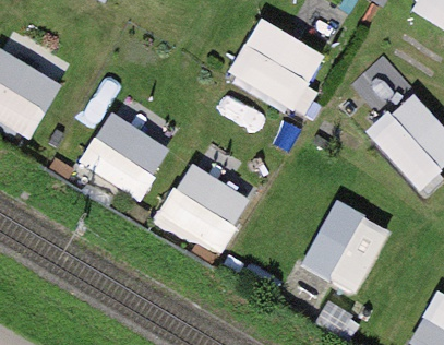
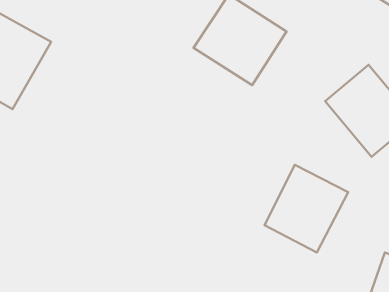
building: [80,115,169,200] -> none
building: [166,148,257,248] -> none

